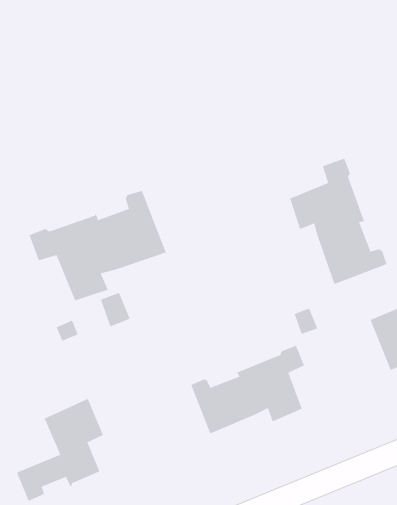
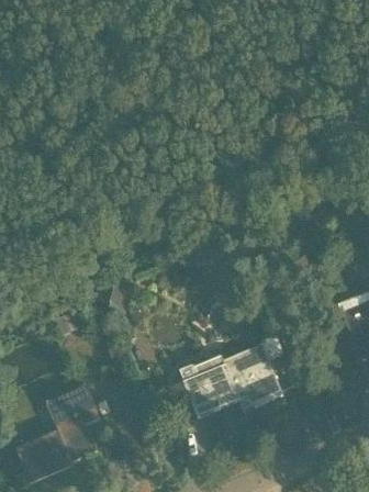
building: [289,158,387,285] -> none
building: [29,190,166,301] -> none

